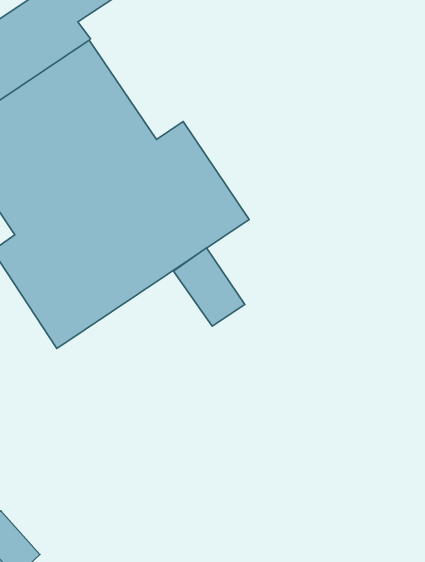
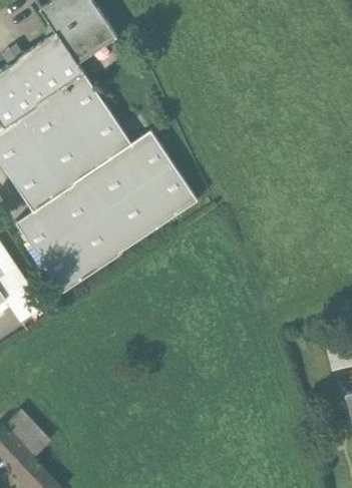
building: [174,248,245,326] -> none

